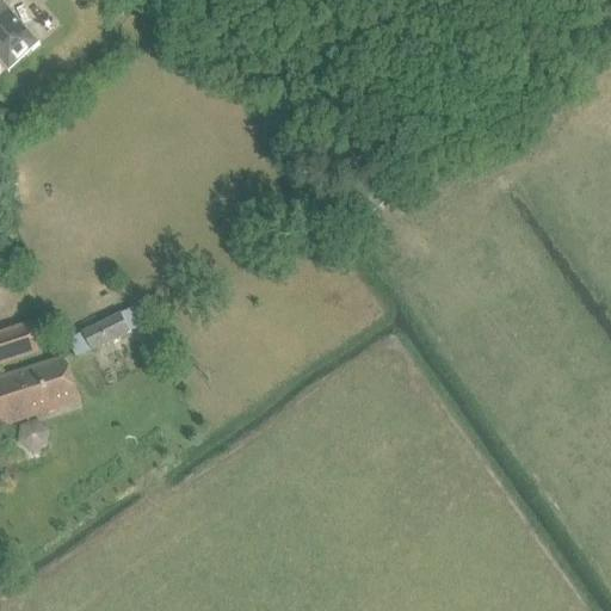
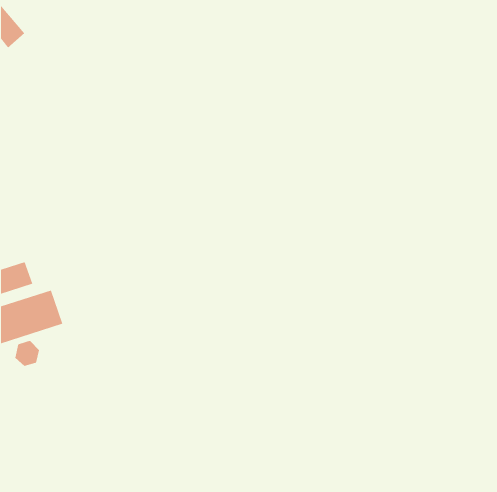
building: [69,311,129,359] -> none

